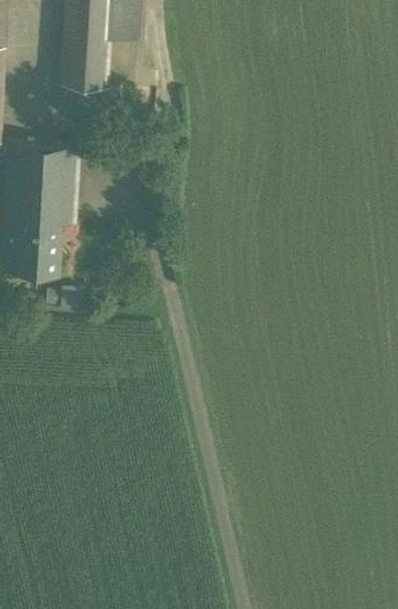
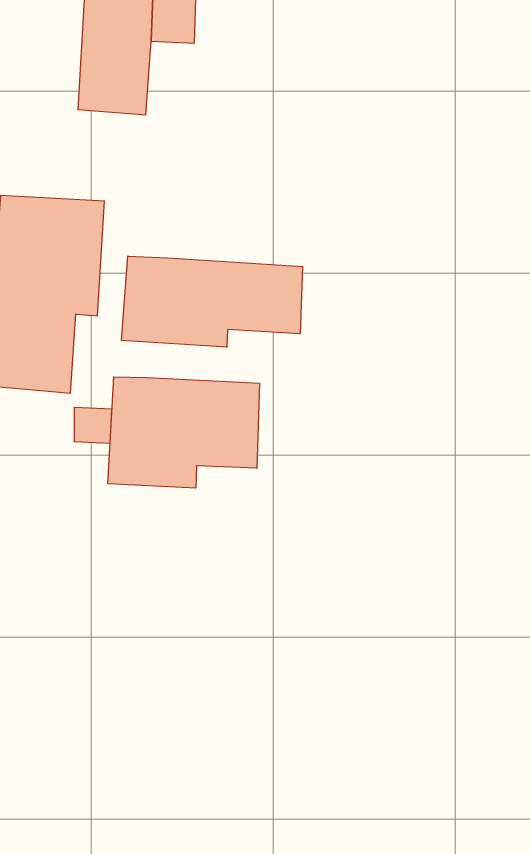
building: none -> [122,256,303,347]
building: none -> [108,377,259,488]

